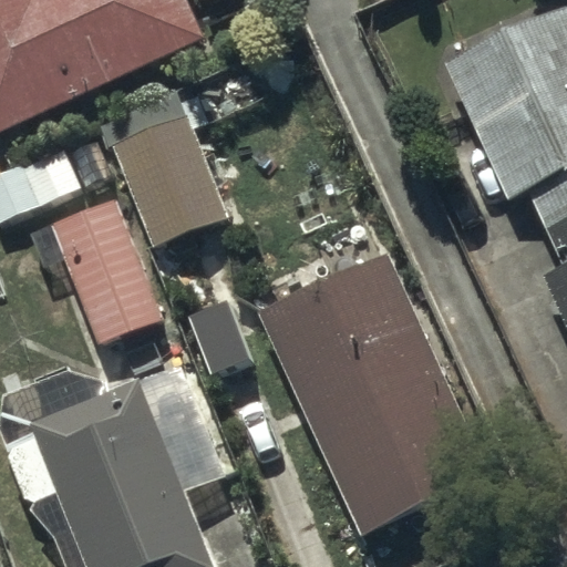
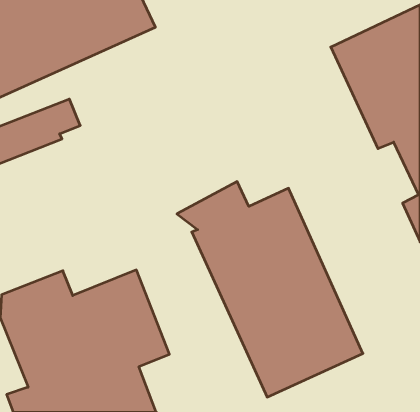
building: [114,113,227,245] -> none
building: [30,197,162,341] -> none

